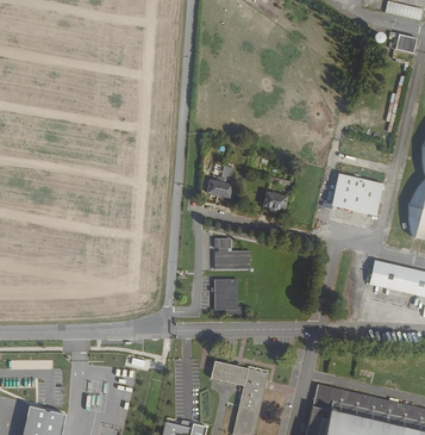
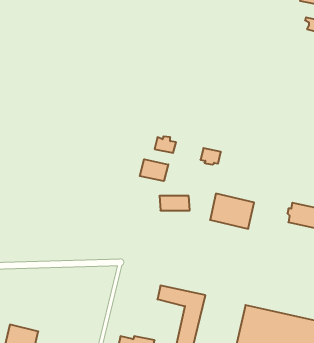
building: [331,173,385,216] -> [210,194,254,229]
building: none -> [140,159,168,181]
building: [213,279,236,310] -> none

